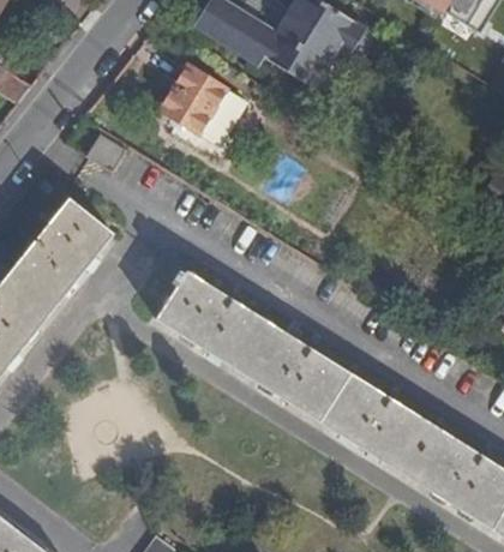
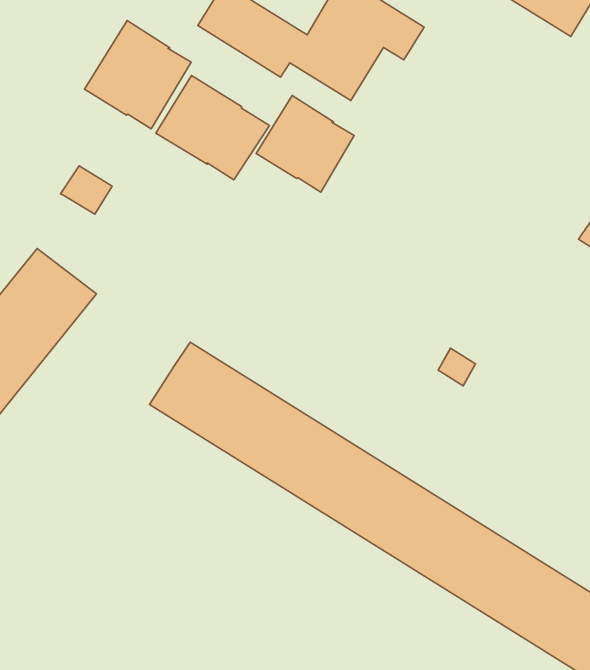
building: none -> [84,20,191,129]
building: none -> [256,95,354,192]

